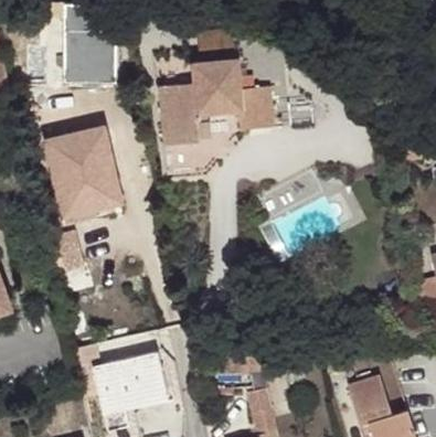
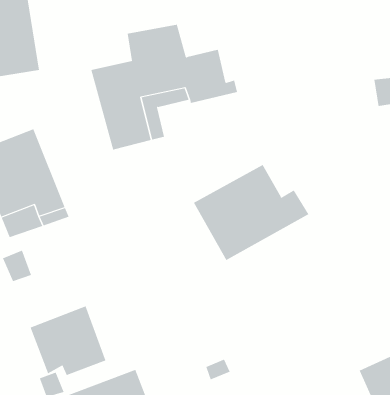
building: none -> [193,164,309,261]
building: none -> [30,305,106,376]

